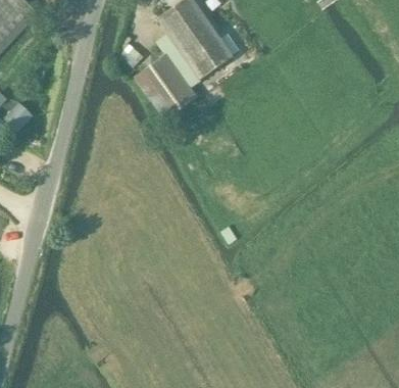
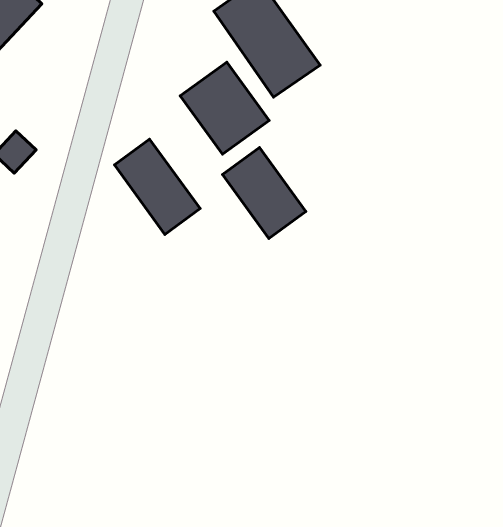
building: none -> [114,139,200,235]
building: none -> [223,148,306,239]

